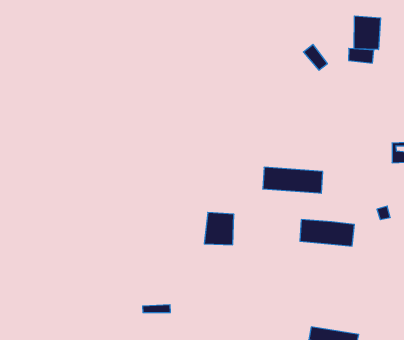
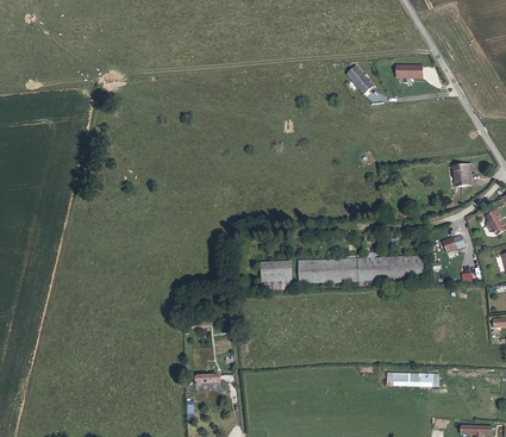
building: [354,16,381,50] -> none
building: [263,167,323,193] -> [296,258,362,285]

